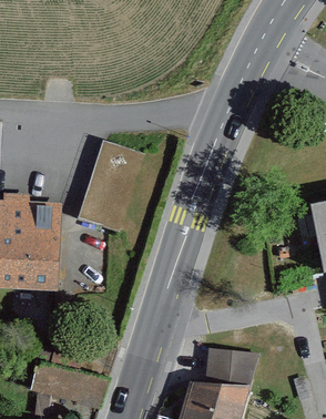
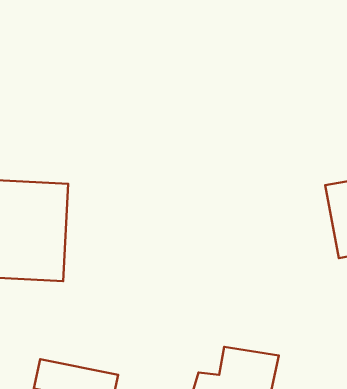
building: [83,140,151,231] -> none

